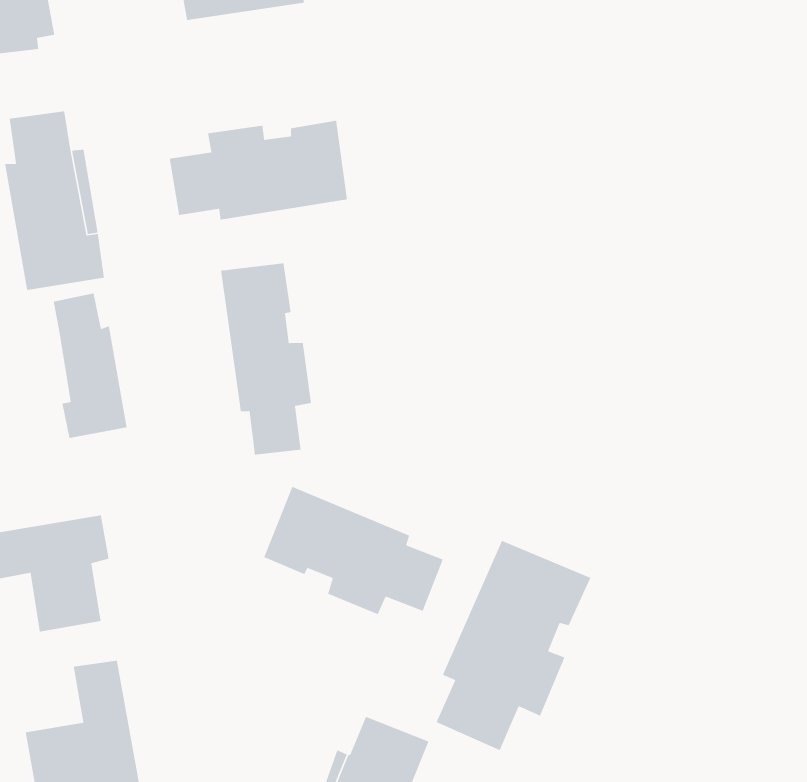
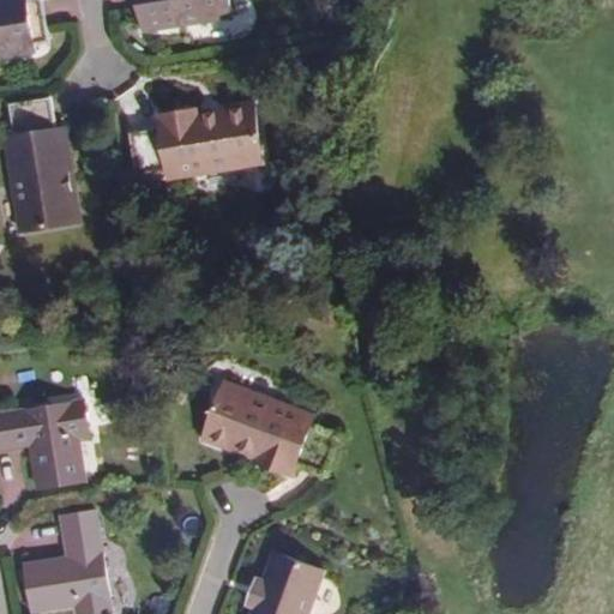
building: [220,262,312,456] -> none
building: [53,292,127,439] -> none
building: [436,540,592,751] -> none

